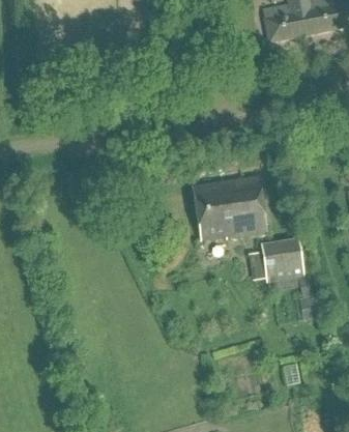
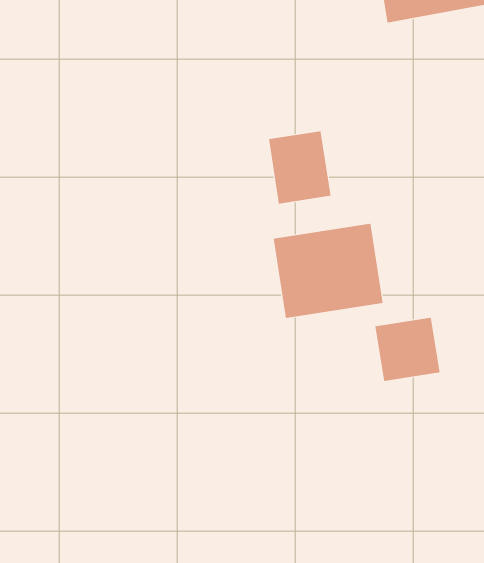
building: none -> [268,130,331,204]

